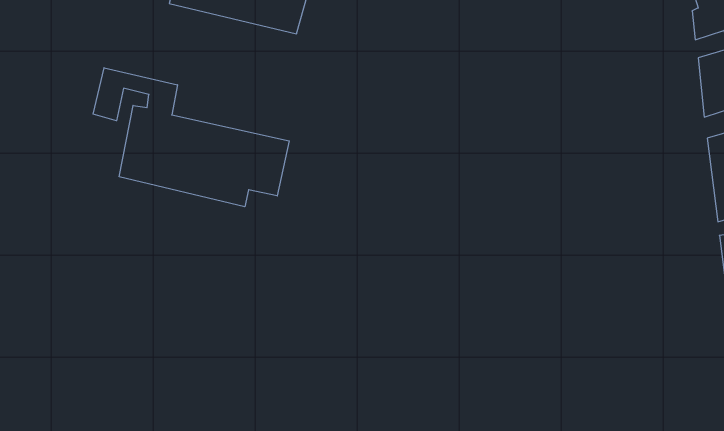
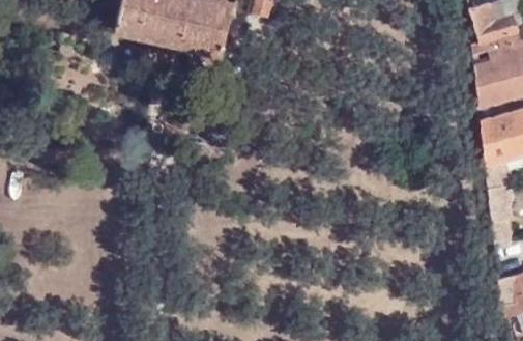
building: [93,68,289,207] -> none

